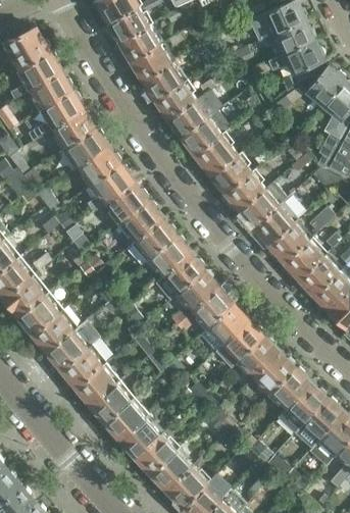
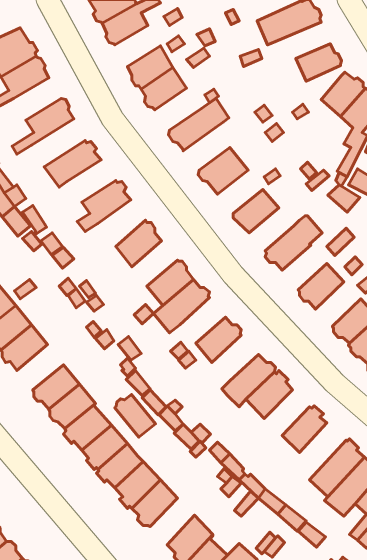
building: [264,22,314,55] -> none
building: [120,25,161,62] -> none
building: [30,72,72,110] -> none
building: [155,82,198,119] -> none
building: [46,109,95,152] -> none
building: [182,112,231,155] -> none
building: [78,146,121,184] -> none
building: [212,155,253,194] -> none
building: [105,182,148,223] -> none
building: [241,185,286,227] -> none
building: [127,218,177,266] -> none
building: [270,222,310,262] -> none
building: [300,255,341,295] -> none
building: [179,269,219,310] -> none
building: [201,303,249,351] -> none
building: [33,311,74,352] -> none
building: [254,352,297,393] -> none
building: none -> [115,395,156,437]
building: [278,381,329,432] -> none
building: [151,449,192,491] -> none

